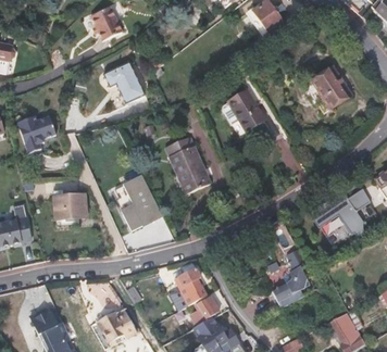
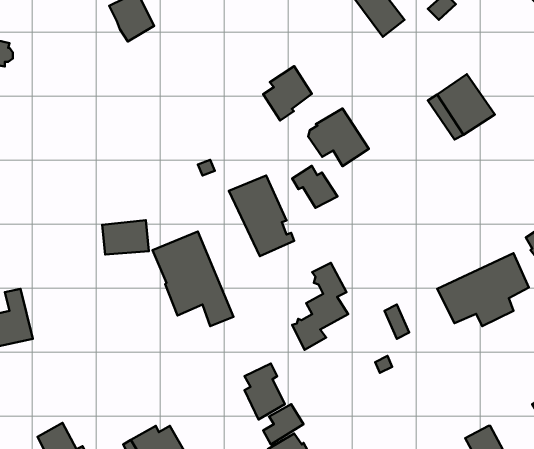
building: none -> [263,66,312,120]
building: [97,60,146,104] -> none
building: [17,114,57,152] -> none
building: none -> [292,166,338,208]
building: [54,203,87,227] -> [102,220,149,254]
building: [272,248,311,309] -> [292,263,348,350]

